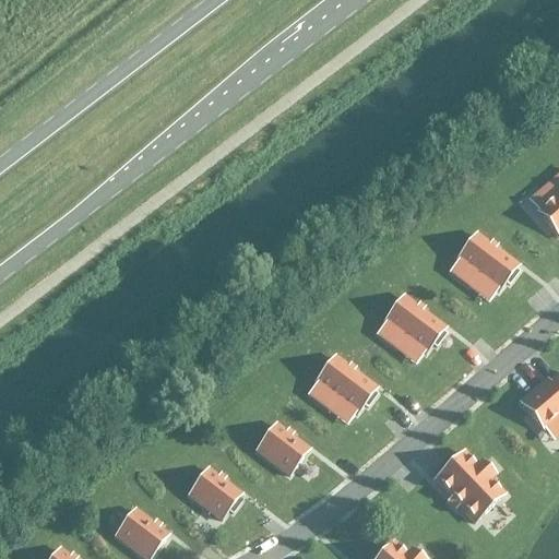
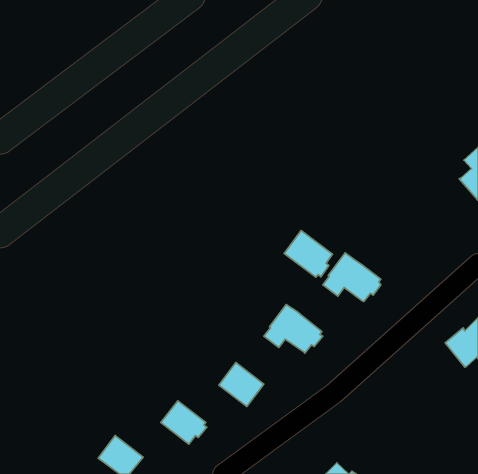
building: [450,231,518,289] -> none
building: none -> [284,230,333,277]
building: [433,450,503,521] -> none

